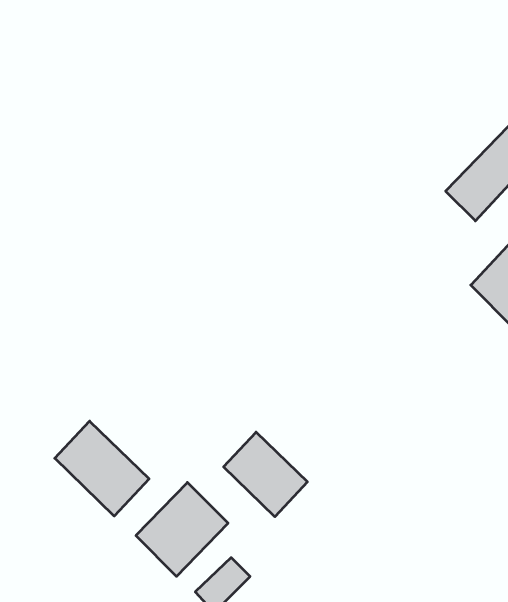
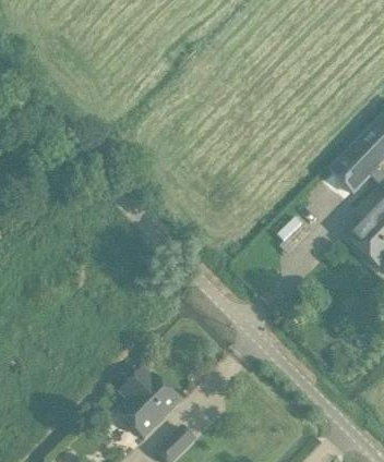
building: [55,421,149,516] -> none
building: [224,432,307,517] -> none

